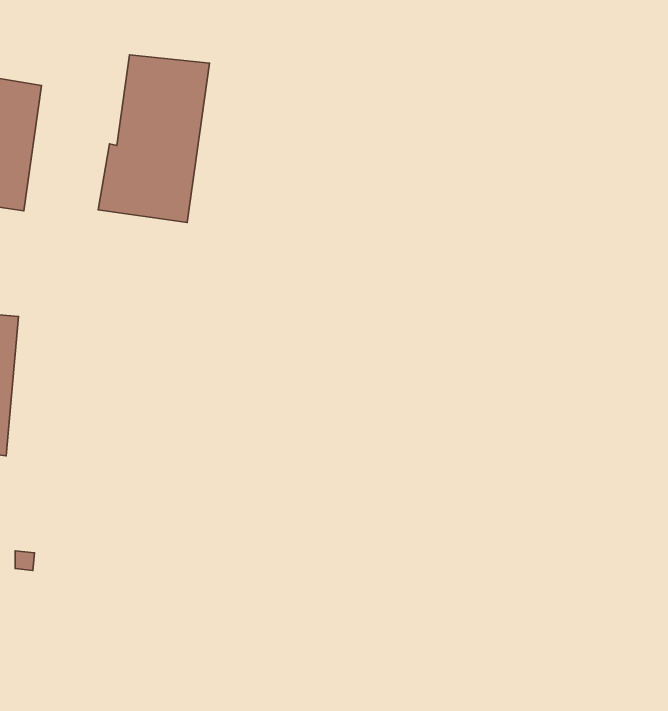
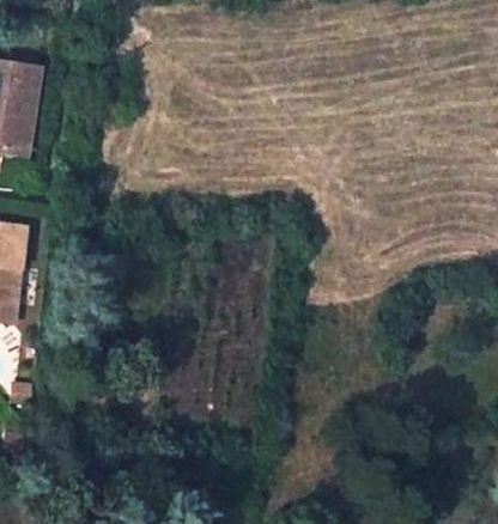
building: [98,55,209,222] -> none

